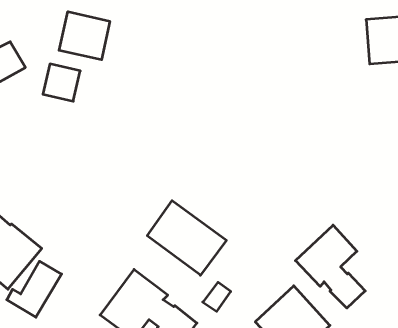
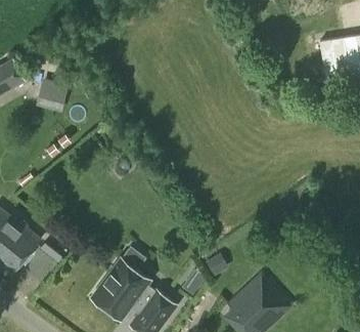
building: [59,12,110,60] -> none
building: [147,201,226,275] -> none
building: [295,225,365,308] -> none

